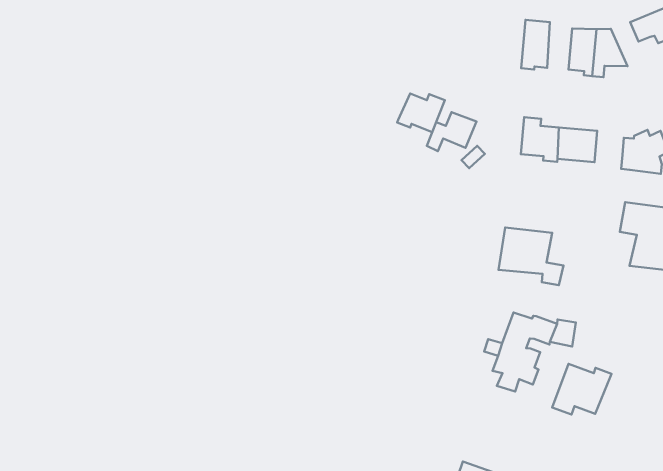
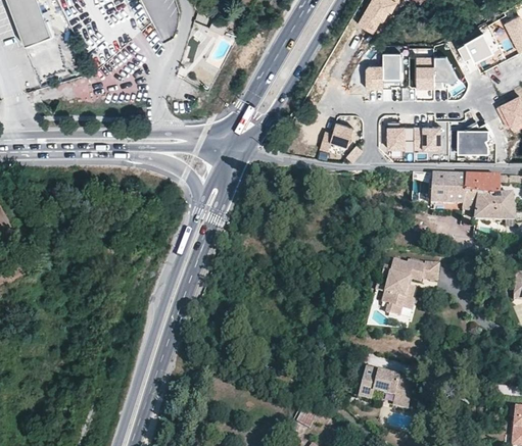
building: none -> [366,65,383,88]
building: [397,94,445,132] -> none
building: [499,227,563,285] -> [430,175,476,212]
building: [552,364,612,415] -> none

